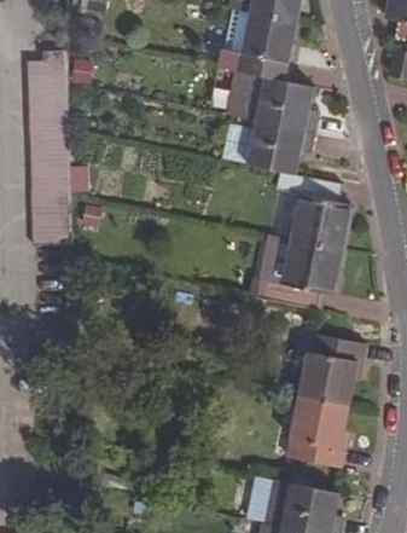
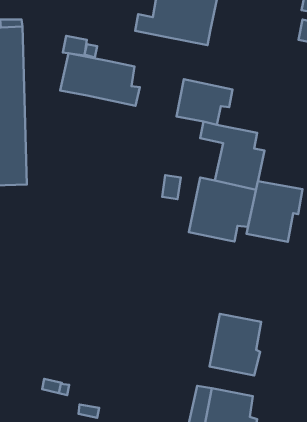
building: [225,71,318,133] -> [60,53,140,106]
building: [298,334,364,405] -> [247,181,302,242]

